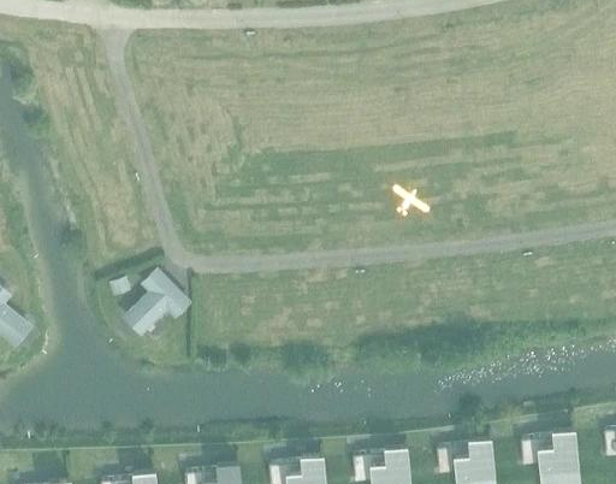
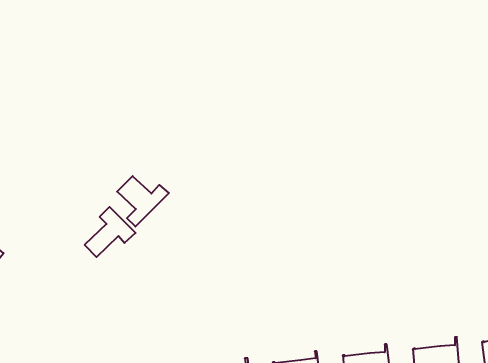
building: none -> [117,176,169,227]

